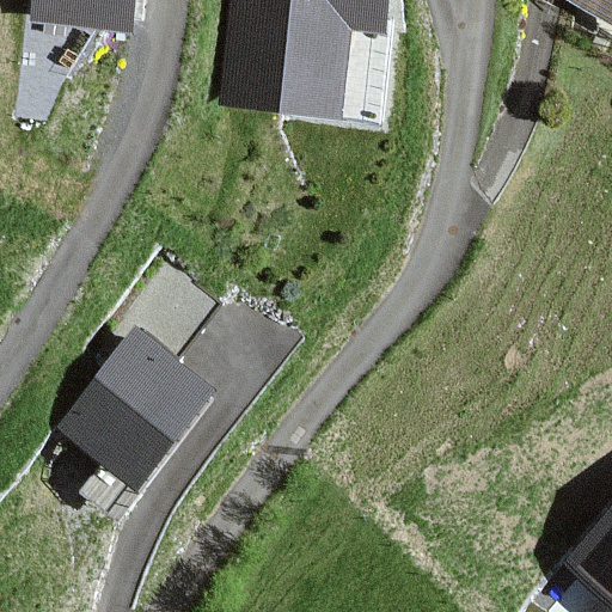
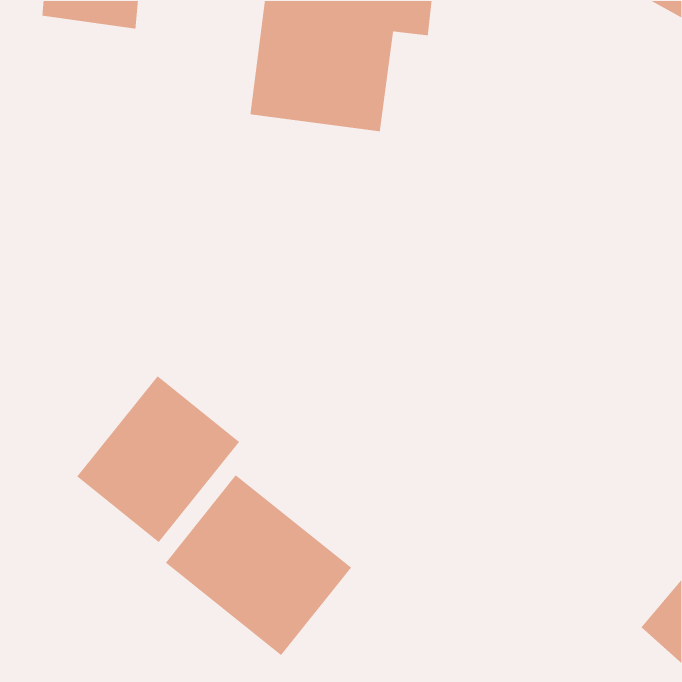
building: none -> [165,474,352,656]

